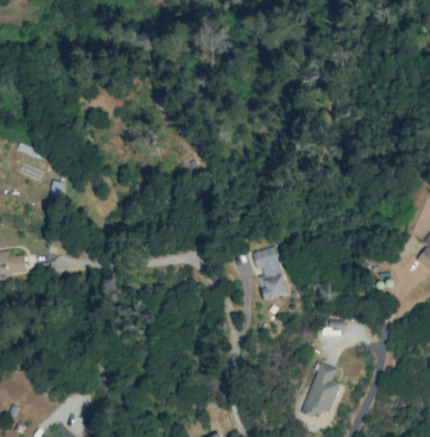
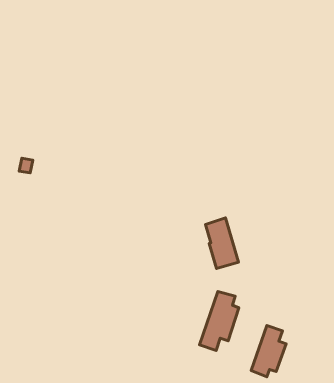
building: none -> [199,291,239,350]

